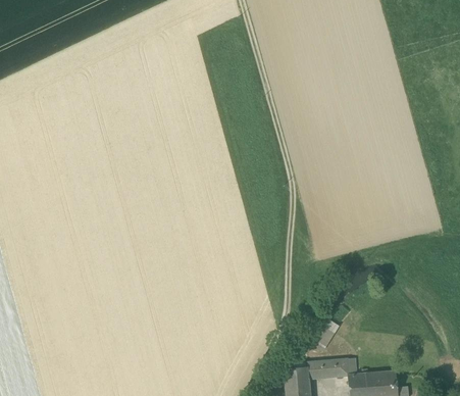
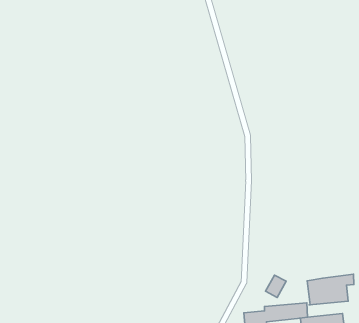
building: none -> [307,274,354,305]

